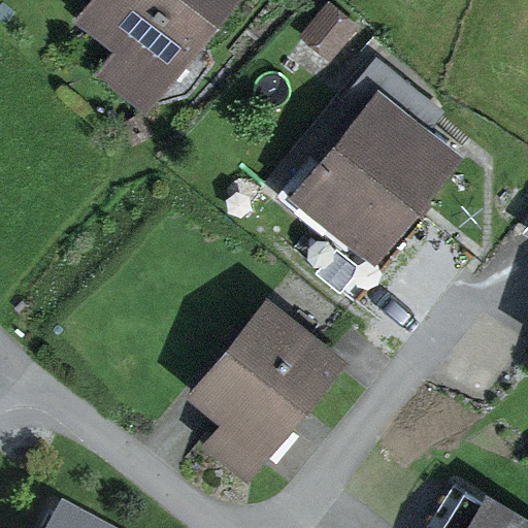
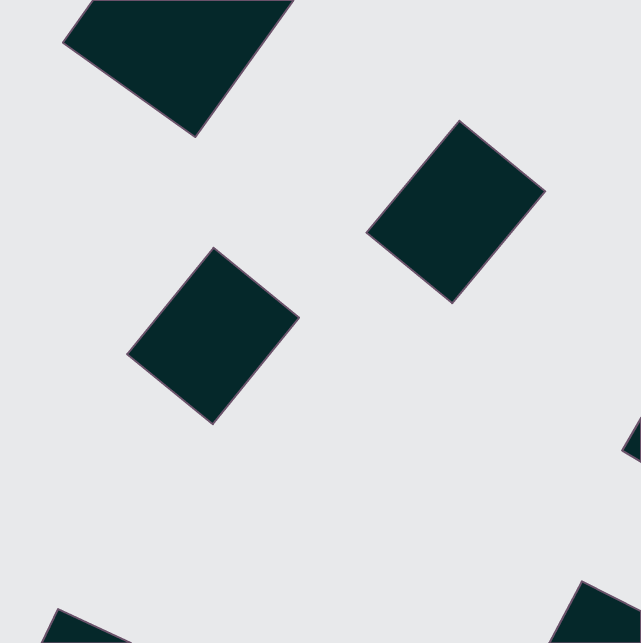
building: none -> [127,248,299,424]
building: [198,310,329,468] -> none

